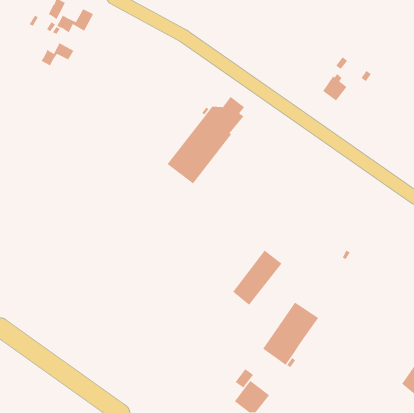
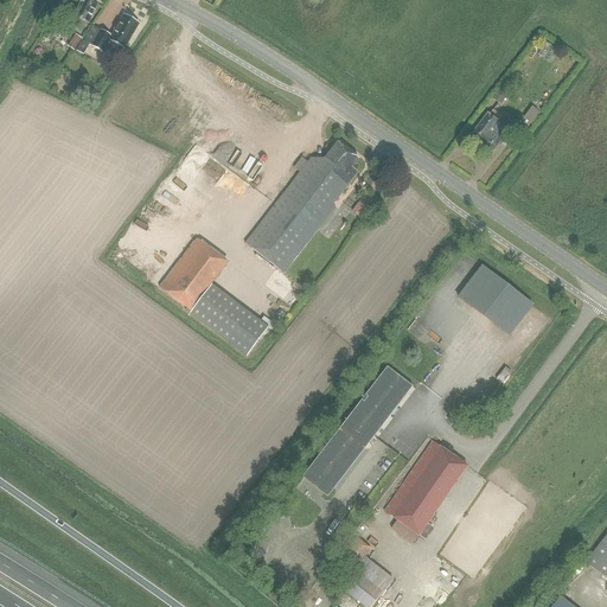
building: [40,42,74,66] -> none
building: none -> [160,235,267,356]
building: none -> [458,266,530,333]
building: none -> [302,426,365,494]

